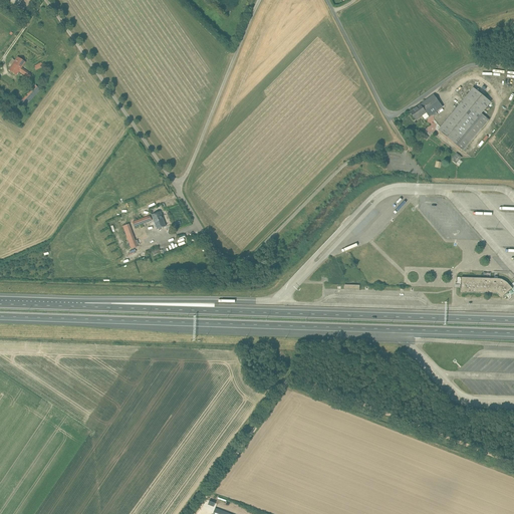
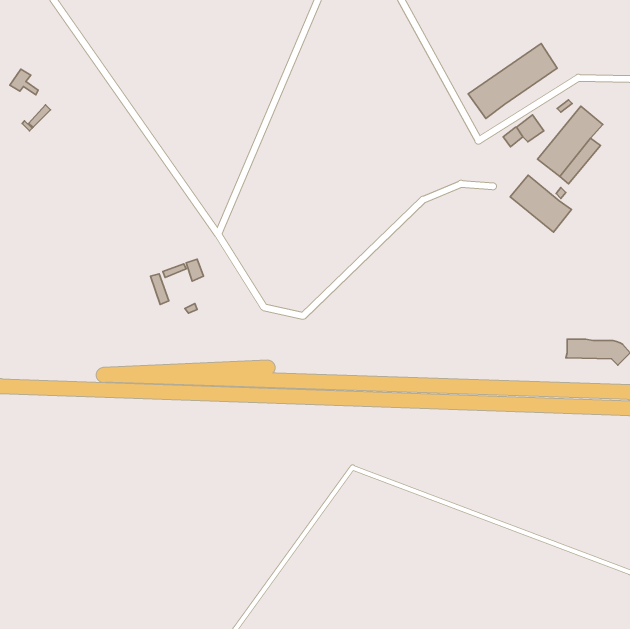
building: none -> [468,43,557,119]
building: none -> [510,175,572,232]

